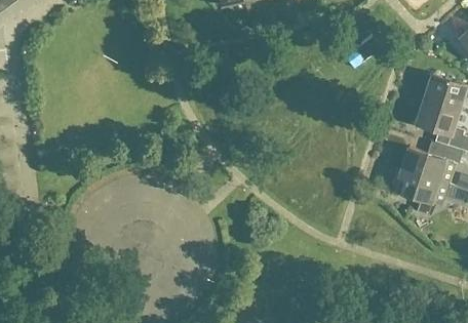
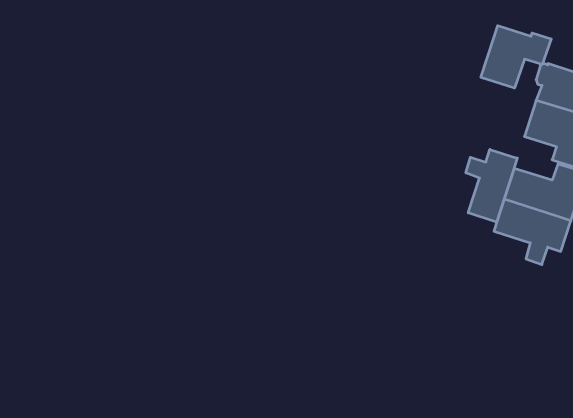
building: none -> [481,26,551,88]
building: none -> [466,149,517,222]

